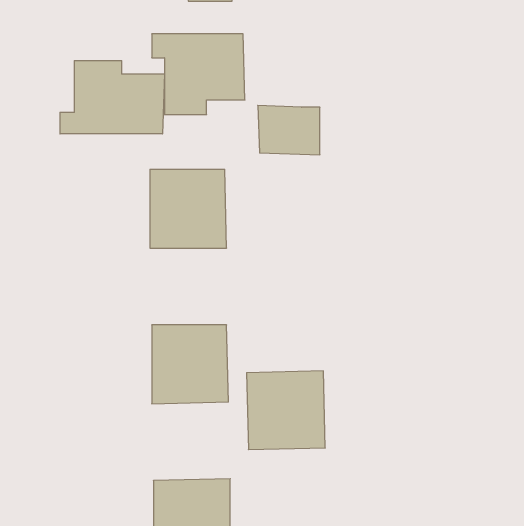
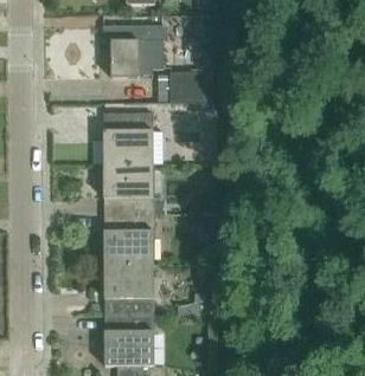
building: [60,61,164,134] -> none
building: none -> [102,164,152,214]
building: [247,371,325,450] -> [103,264,154,315]

